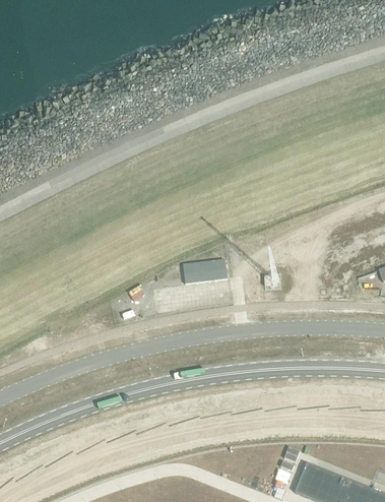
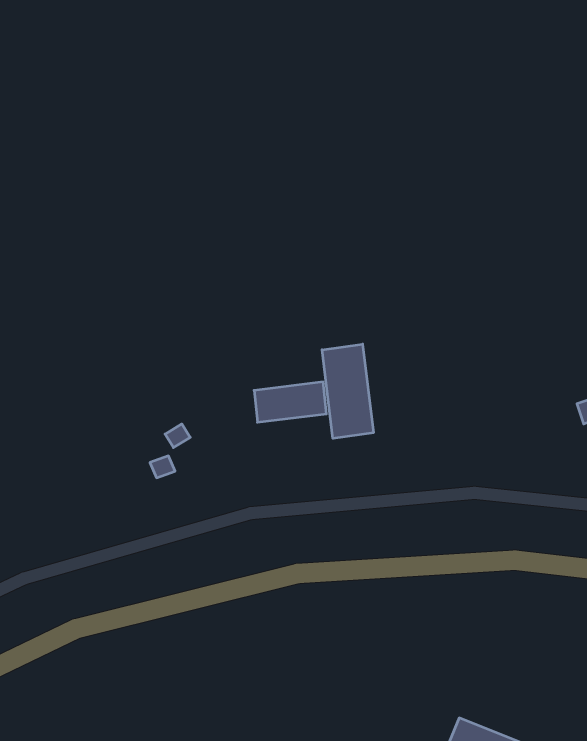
building: none -> [322,344,373,438]

